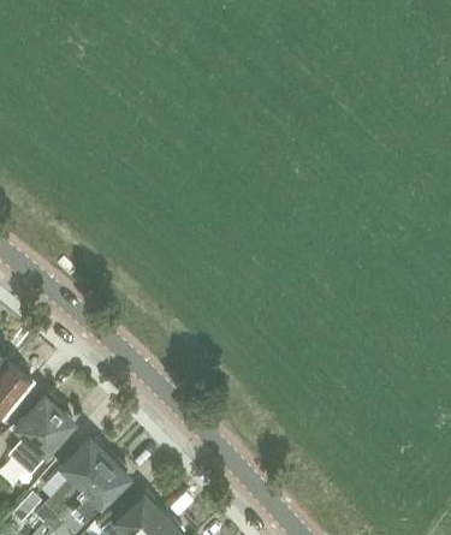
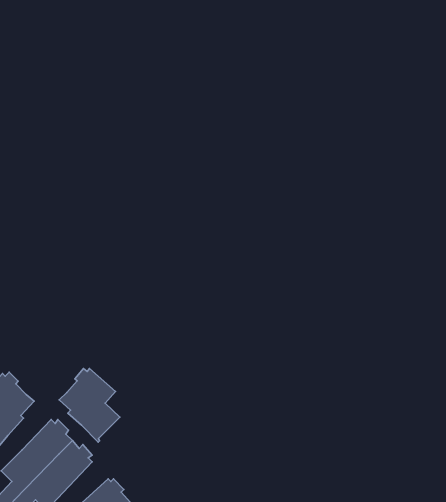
building: none -> [59,368,120,442]

